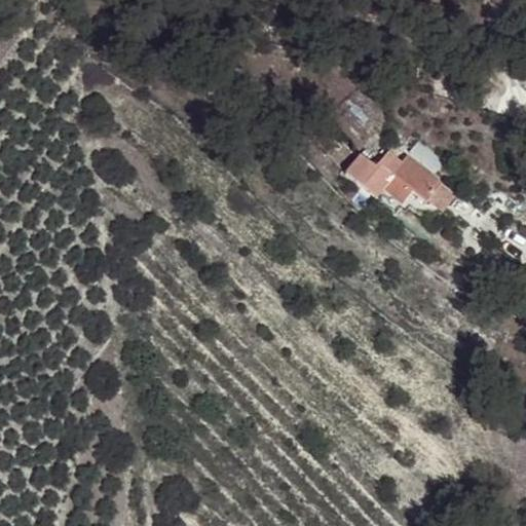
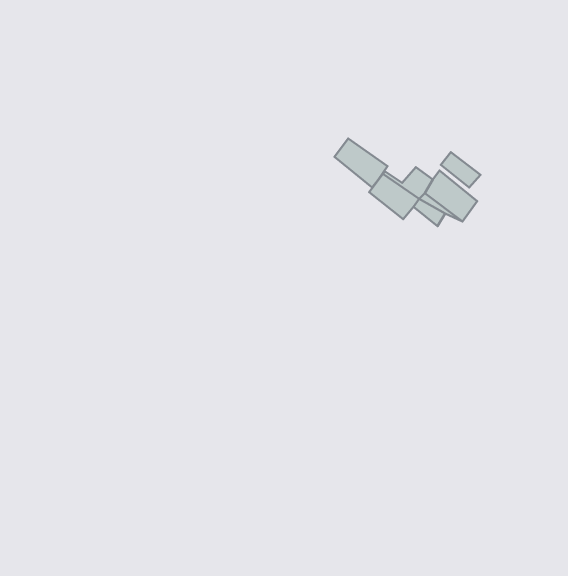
building: none -> [334,138,387,188]

